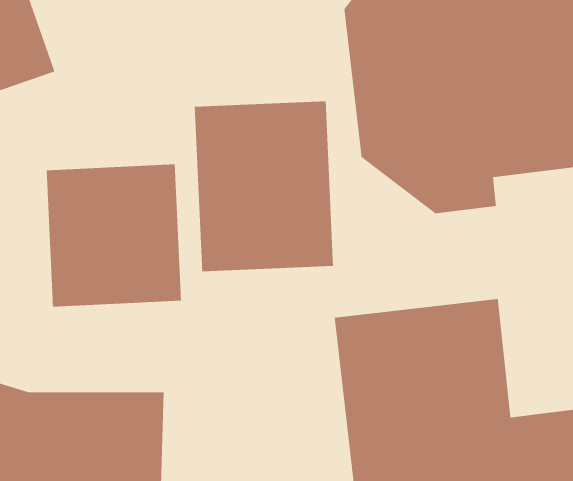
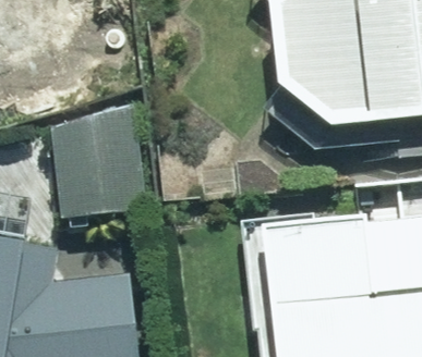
building: [194,100,334,272] -> none

